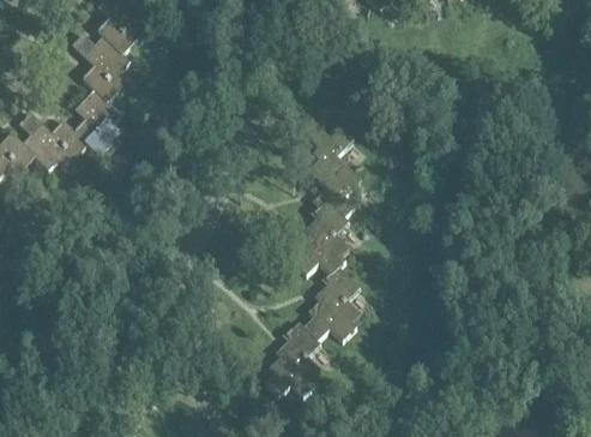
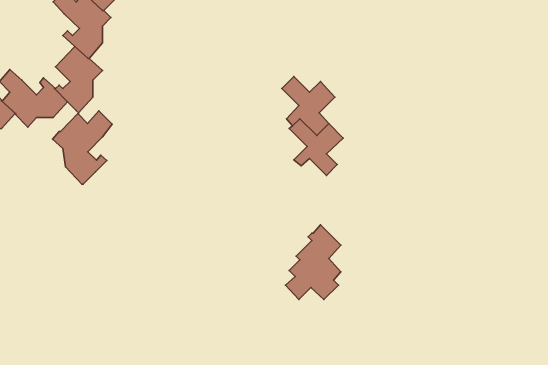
building: none -> [53,111,112,184]
building: [293,200,349,275] -> none
building: [265,322,321,397] -> none

